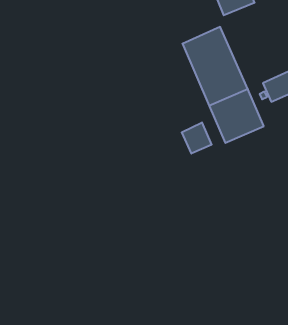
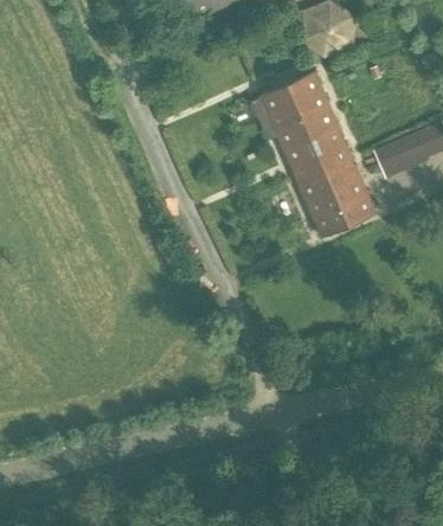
building: [182,122,212,154] -> none

